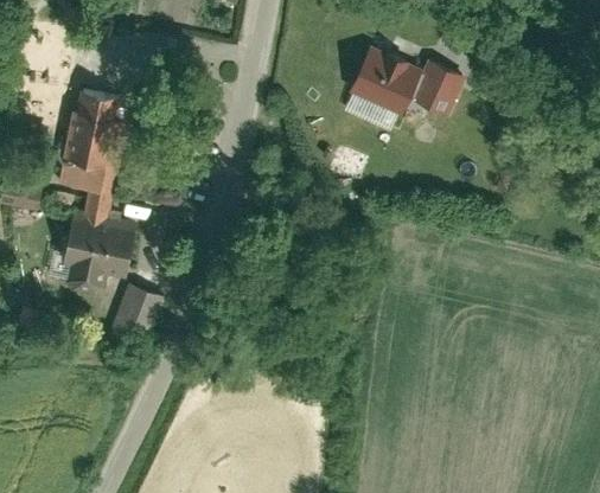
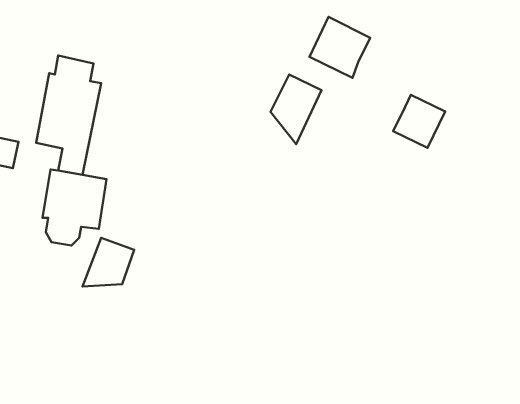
building: [406,57,461,114] -> [393,95,445,148]
building: none -> [270,74,321,144]

